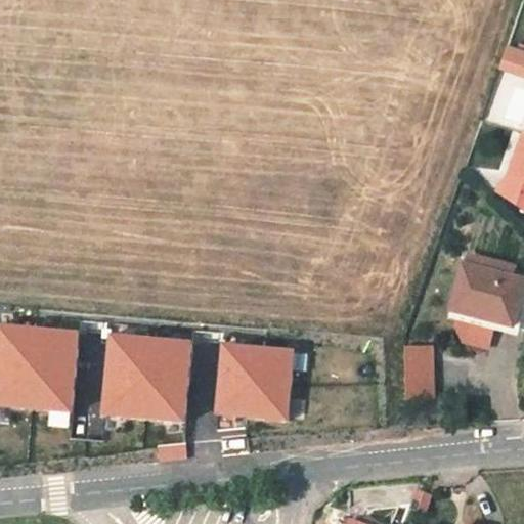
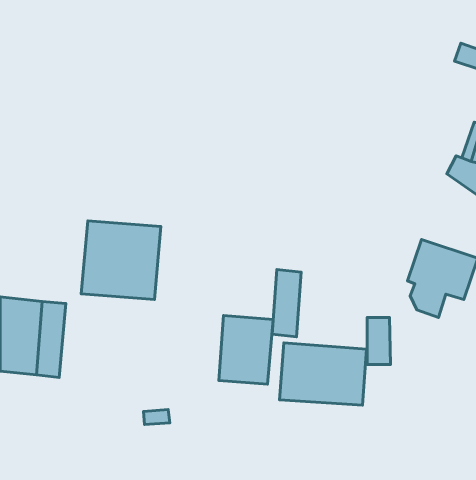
building: [101,333,188,419] -> [81,221,161,300]
building: [216,341,248,414] -> [272,269,301,337]
building: none -> [280,343,367,405]

